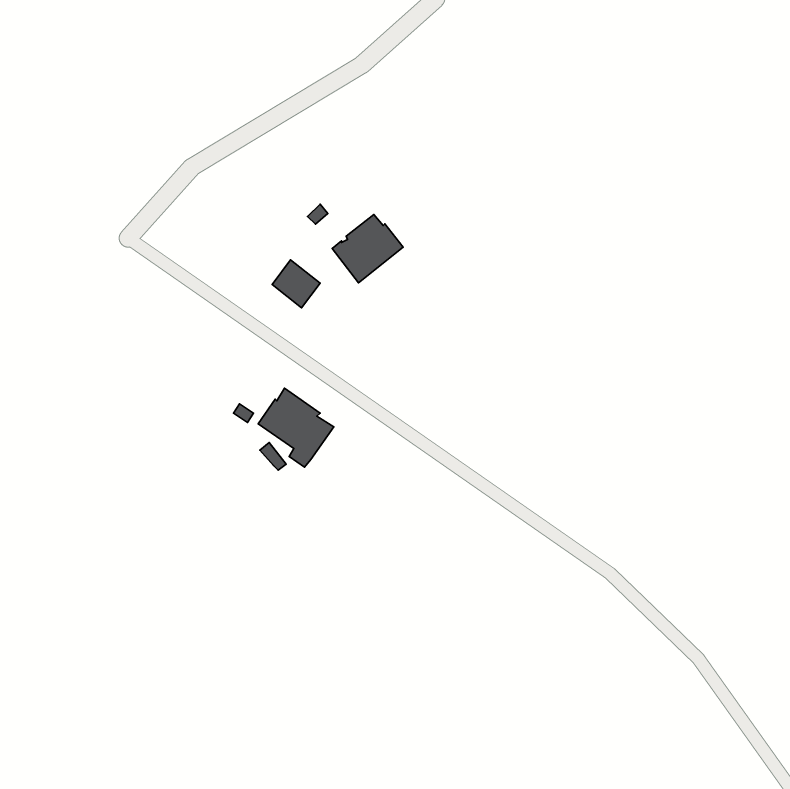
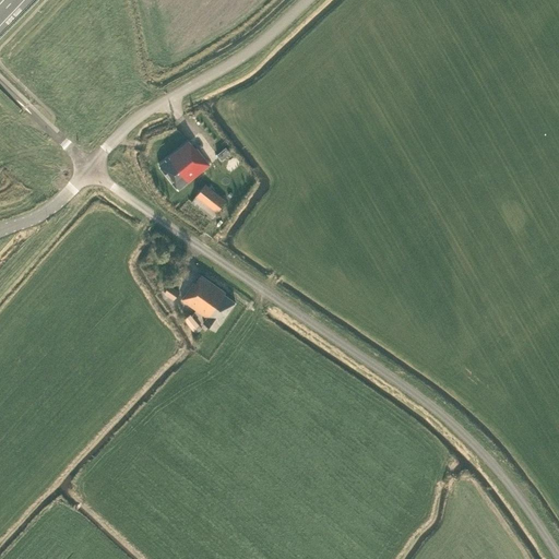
building: [332,215,403,283] -> [159,141,210,189]

